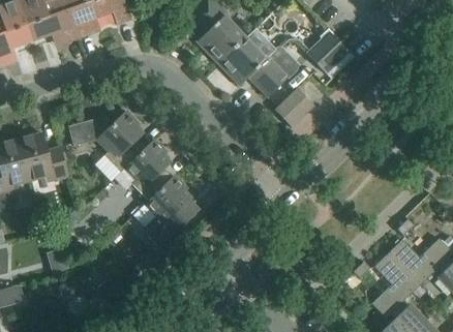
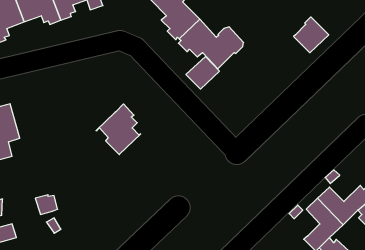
building: [307,30,350,73] -> [294,17,329,53]
building: [274,88,314,127] -> [186,57,219,89]
building: [69,111,145,172] -> none
building: [18,132,68,181] -> none
building: [145,176,193,246] -> none

